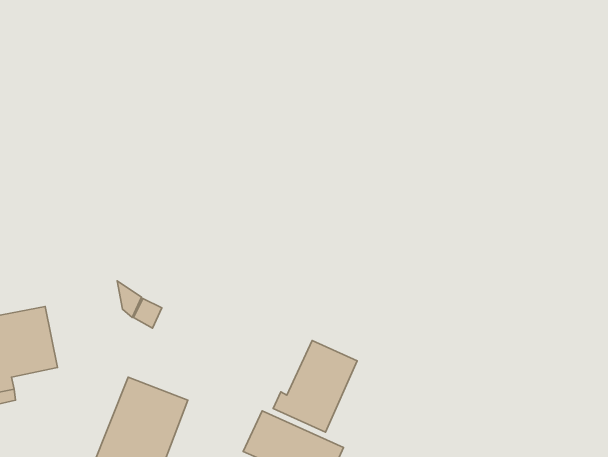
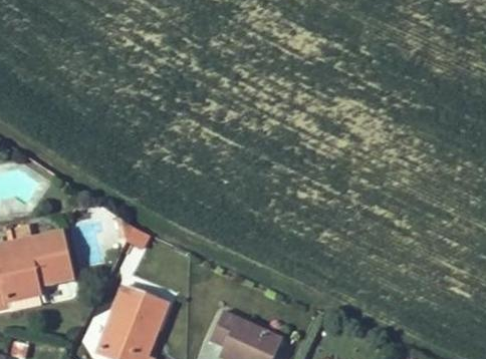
building: [273,340,357,432] -> none

